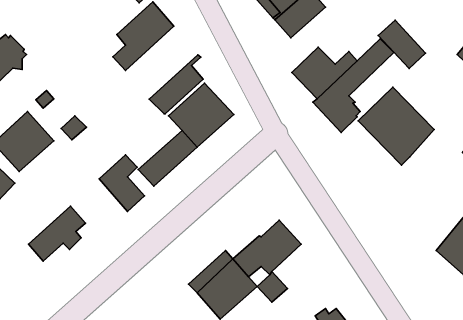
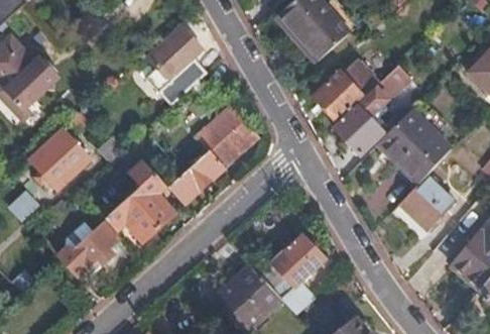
building: [378,20,425,69] -> none
building: [149,55,203,114] -> [155,49,207,106]
building: none -> [401,175,457,229]
building: none -> [105,196,157,242]

